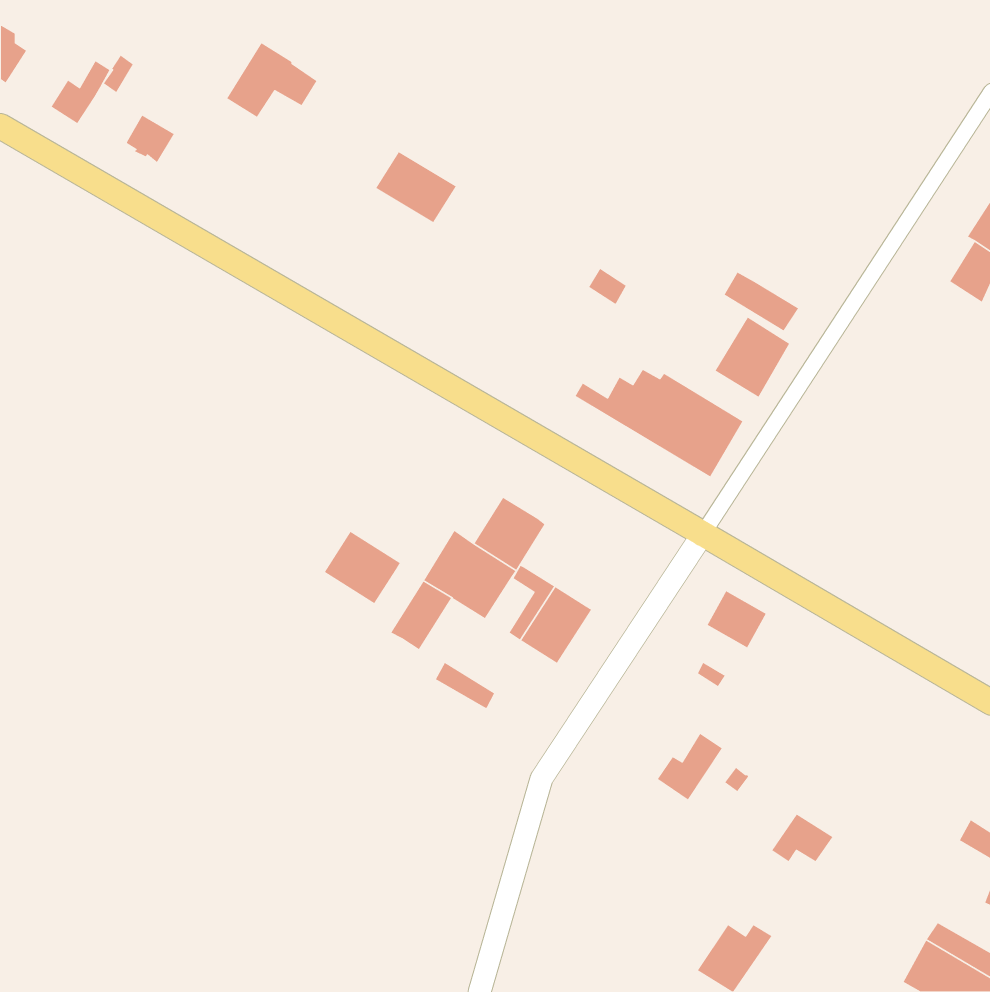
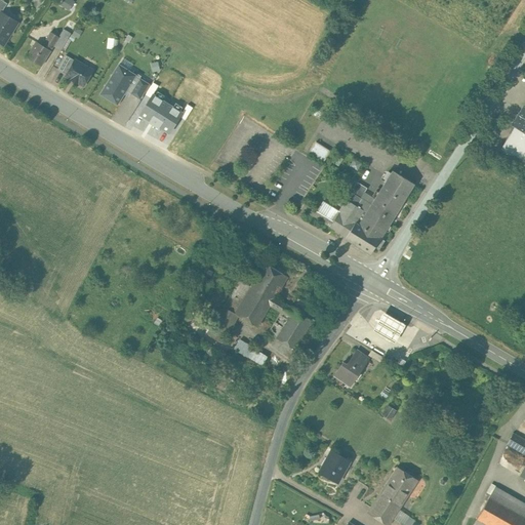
building: [226,42,317,118] -> [102,65,150,105]
building: [375,151,457,223] -> [143,94,186,132]
building: [723,271,799,332] -> [362,191,402,223]
building: [324,531,401,604] -> none
building: [657,733,723,801] -> [334,350,369,386]
building: [771,814,833,862] -> [386,469,418,494]
building: none -> [320,452,351,483]

